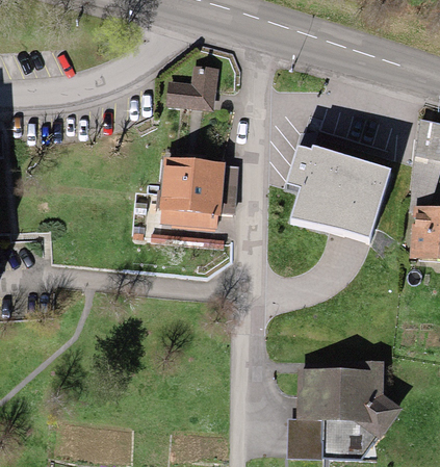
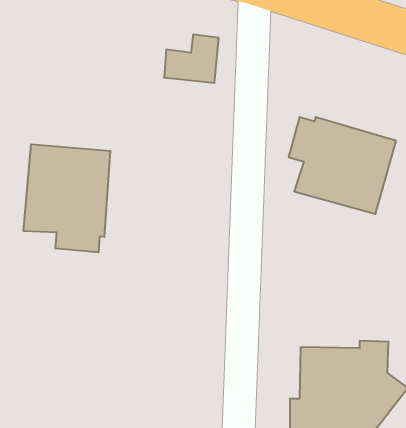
building: [158,156,238,231] -> none
building: none -> [24,144,110,252]

